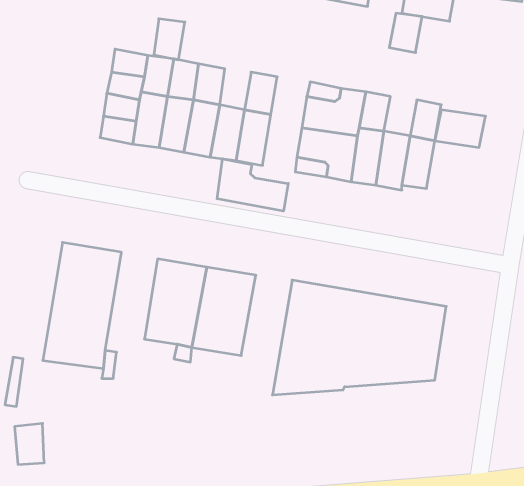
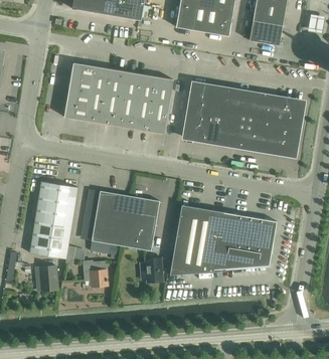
building: [389,13,422,53] -> [238,92,259,116]
building: [154,19,185,60] -> [138,74,157,100]
building: none -> [265,119,297,153]
building: [217,159,288,211] -> none
building: none -> [145,257,163,283]
building: none -> [84,260,108,287]
building: [15,423,44,464] -> [39,265,57,291]

